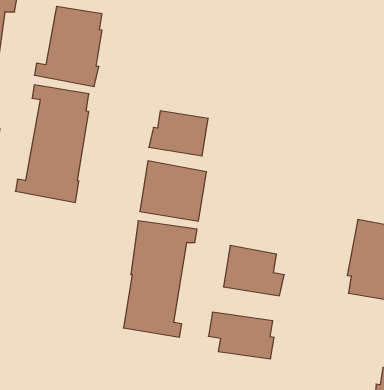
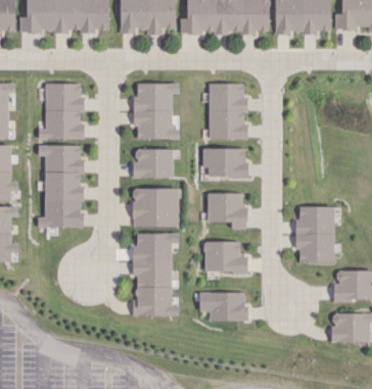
building: none -> [133,83,179,139]
building: none -> [208,83,248,139]
building: none -> [202,148,248,178]
building: none -> [207,193,247,229]

